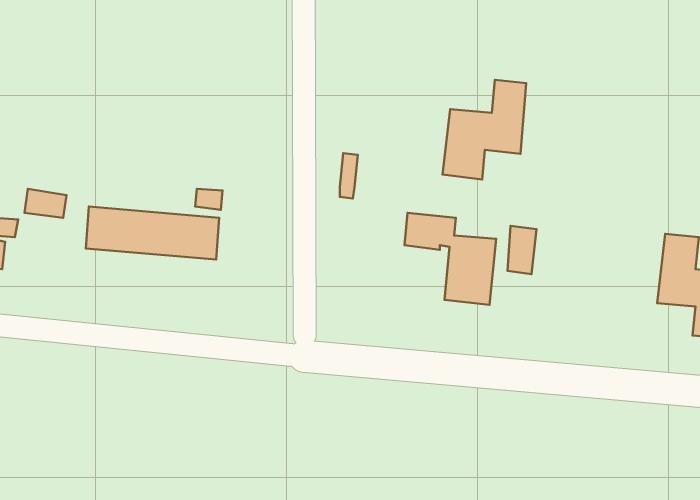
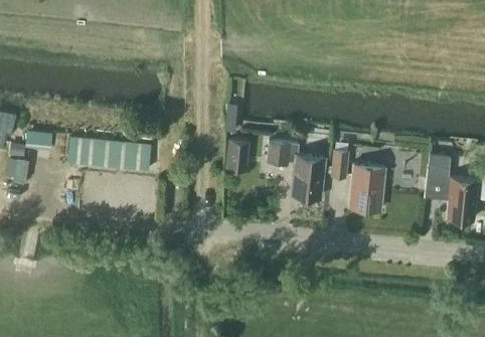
building: [442,80,526,180] -> none
building: none -> [227,141,248,170]
building: none -> [349,165,384,211]

